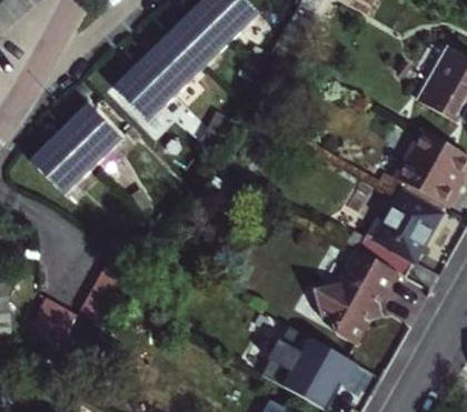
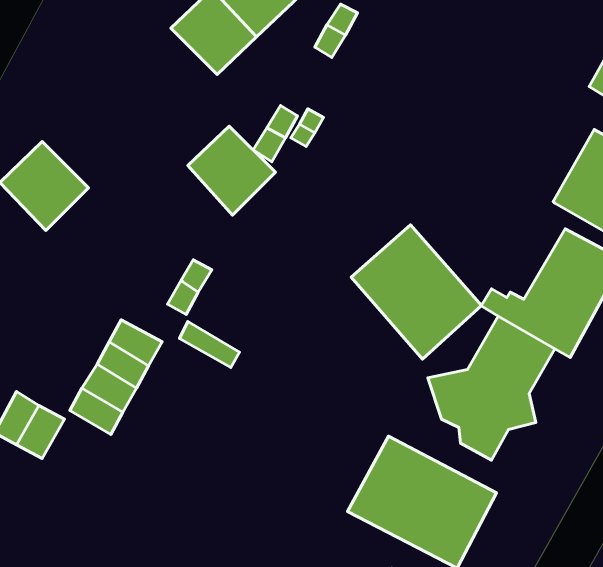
building: [118,61,175,119] -> [188,126,275,215]
building: [61,109,118,164] -> none
building: none -> [351,225,481,359]

